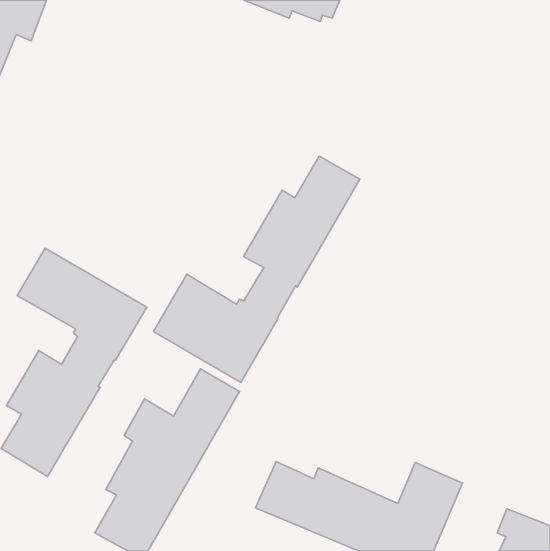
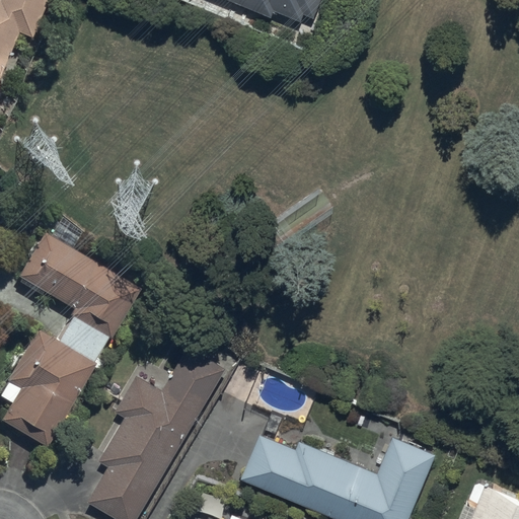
building: [153,156,360,383] -> none

